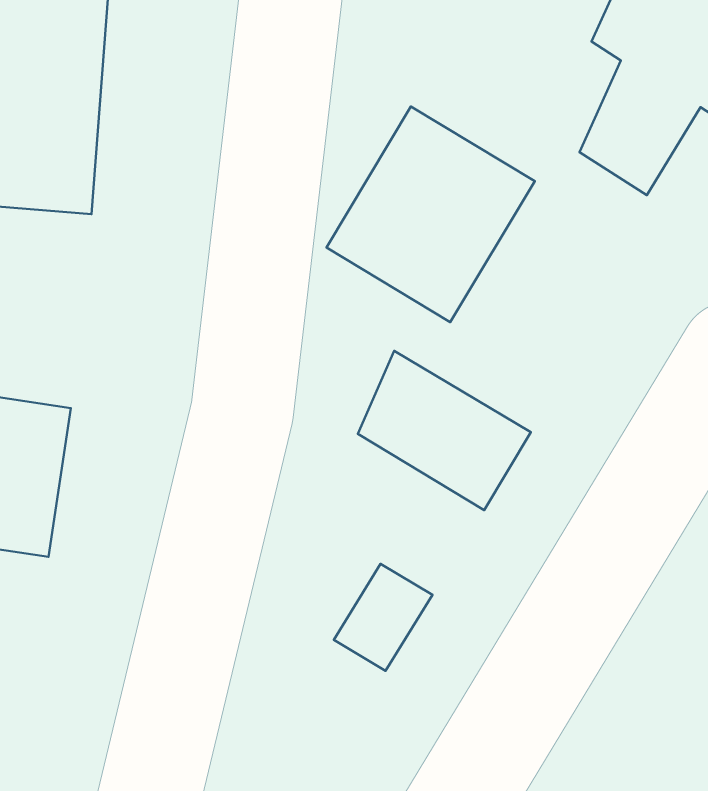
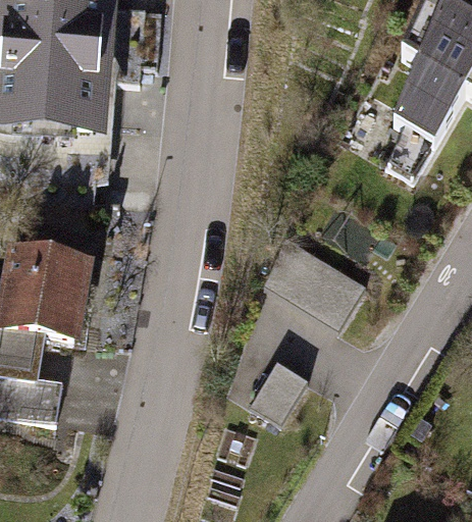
building: [326,107,535,322] -> none

